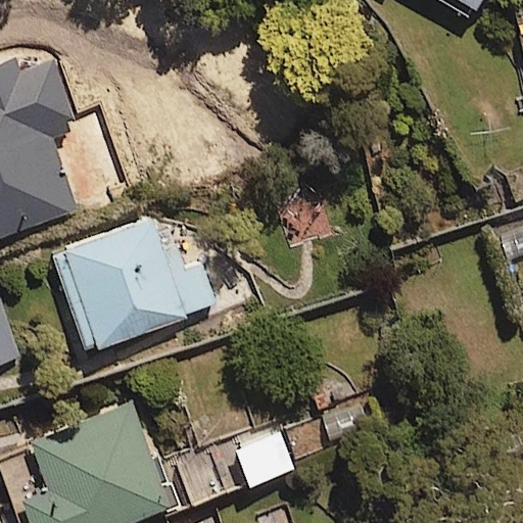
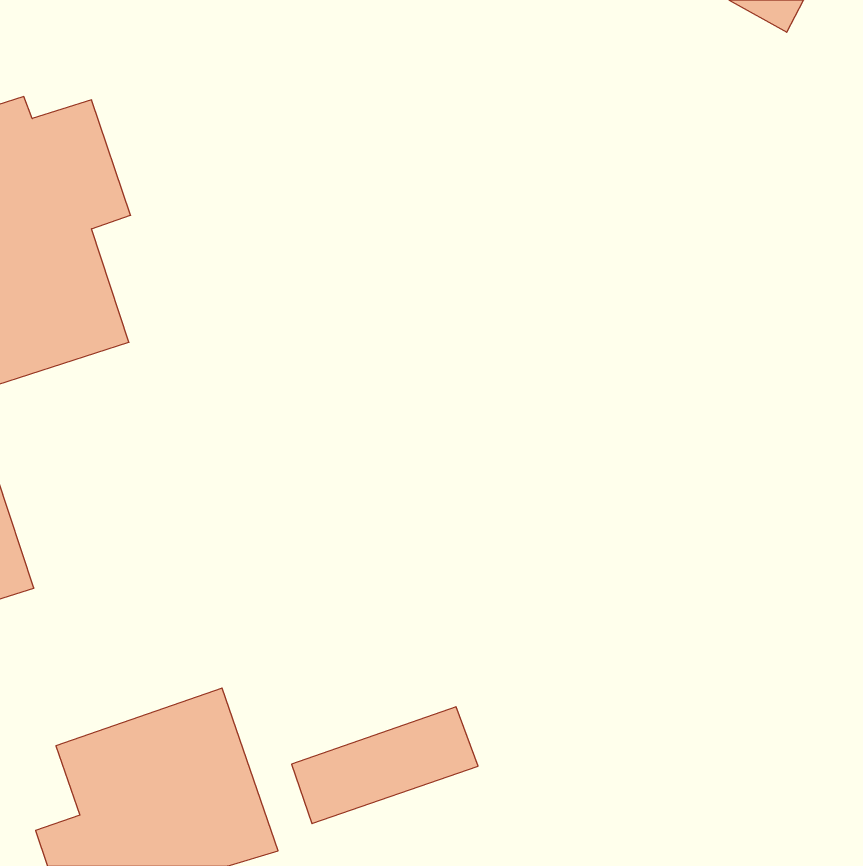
building: [52,218,216,350] -> none

